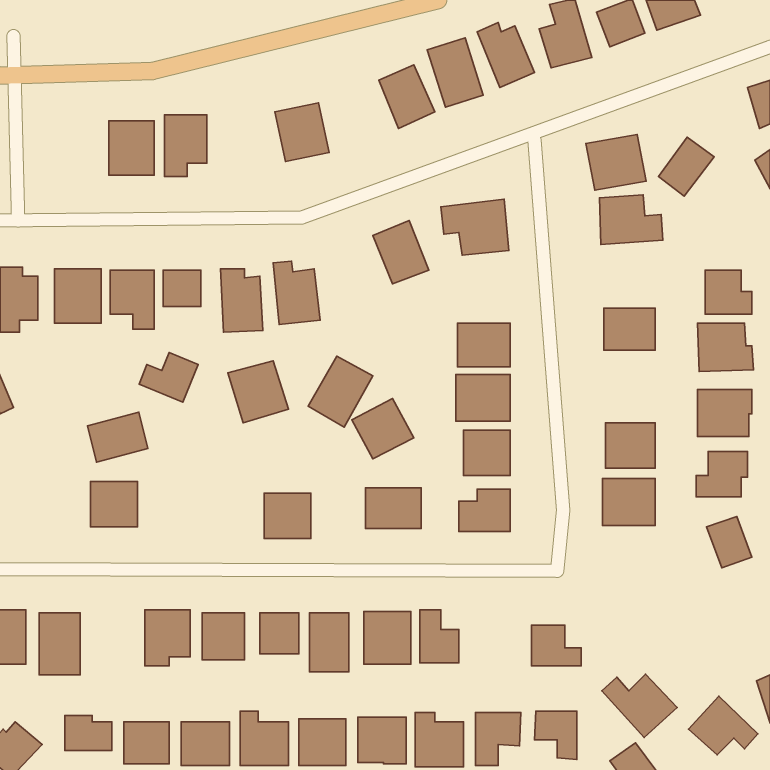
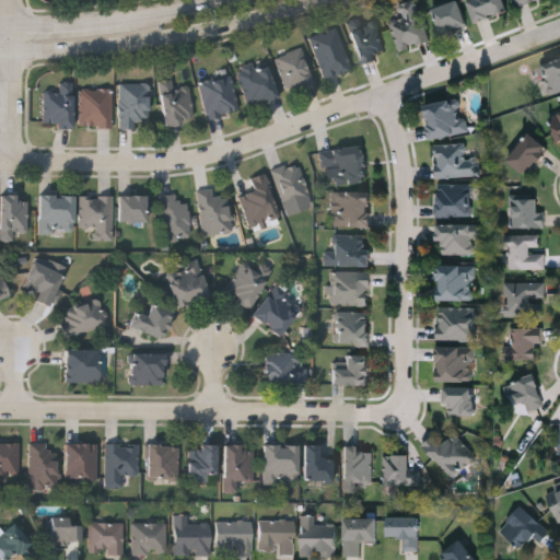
building: none -> [236,60,277,106]
building: none -> [161,83,191,126]
building: none -> [43,84,72,129]
building: [658,137,714,196] -> [508,132,548,175]
building: none -> [241,174,278,225]
building: none -> [436,185,471,217]
building: none -> [330,192,370,226]
building: [139,352,198,402] -> [130,304,173,340]
building: none -> [22,264,63,307]
building: none -> [439,265,472,301]
building: [264,493,311,538] -> [129,353,163,386]
building: none -> [445,388,477,415]
building: none -> [66,443,97,479]
building: none -> [343,445,373,481]
building: [602,674,677,738] -> [423,433,478,479]

